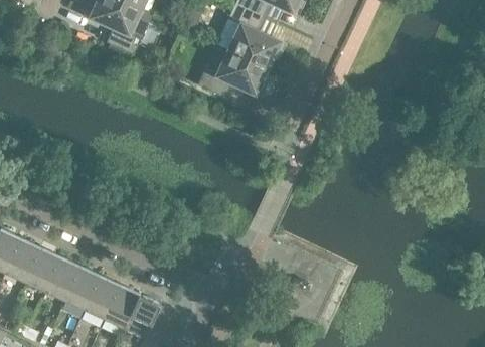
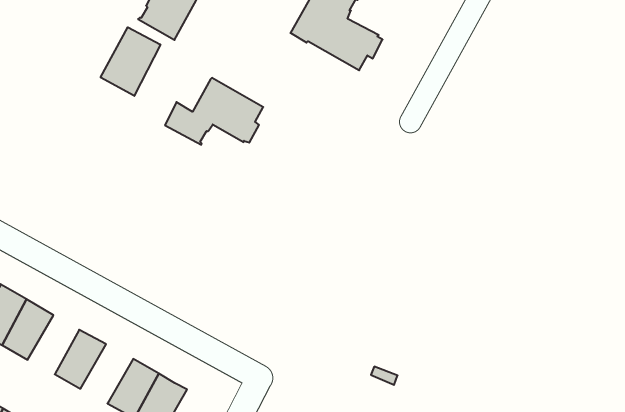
building: none -> [101,27,160,96]
building: [198,49,268,98] -> [165,78,263,145]
building: [45,258,80,301] -> none
building: [85,277,121,319] -> none

